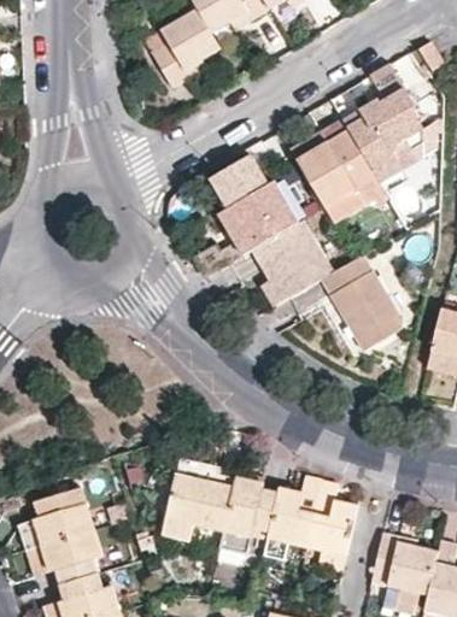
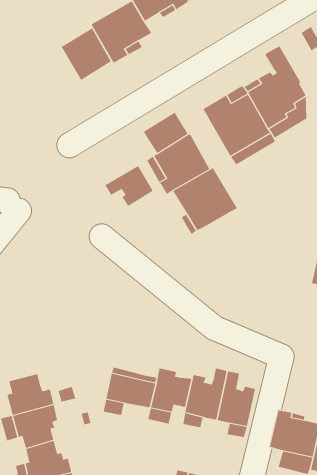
building: none -> [61,27,112,81]
building: none -> [105,165,154,207]
building: [321,255,399,349] -> none

